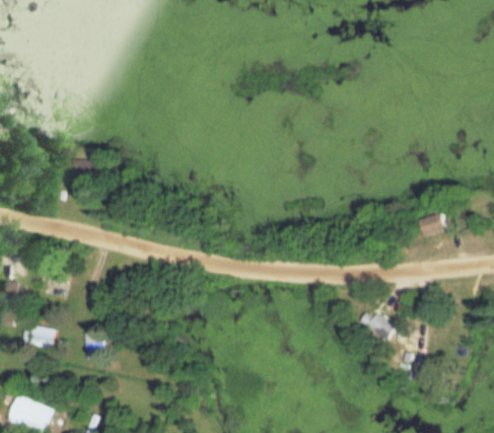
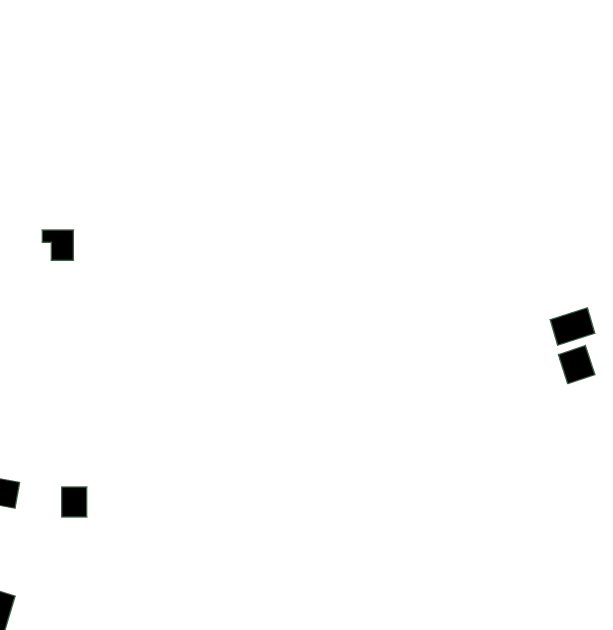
building: none -> [559,345,595,384]
building: [360,311,398,343] -> none

